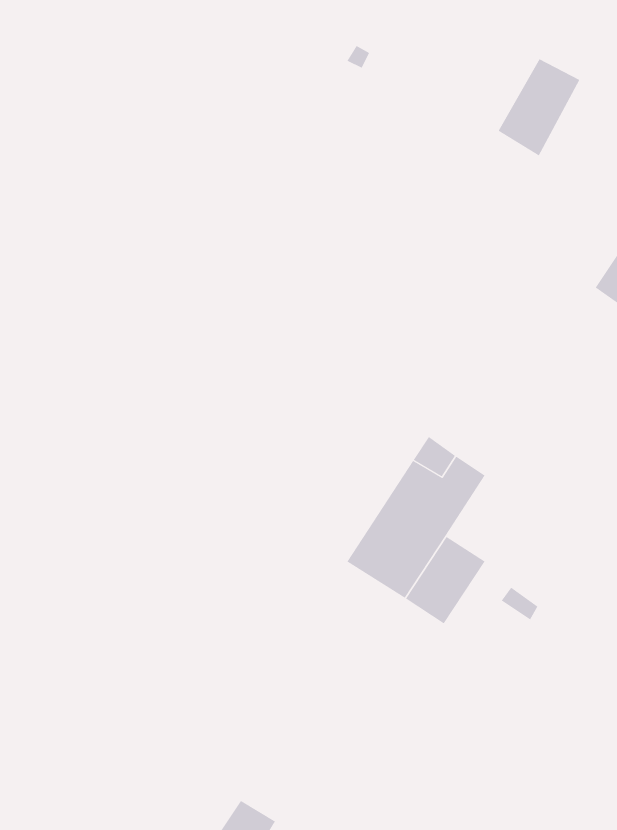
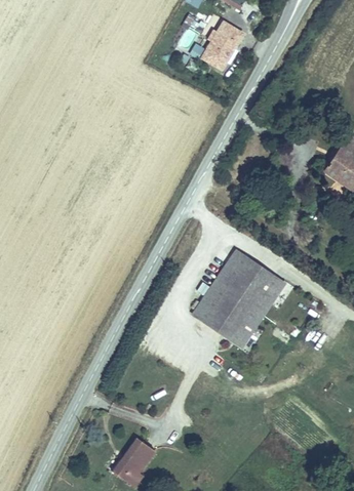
building: [498,58,580,156] -> [199,24,242,75]
building: none -> [243,267,285,312]

